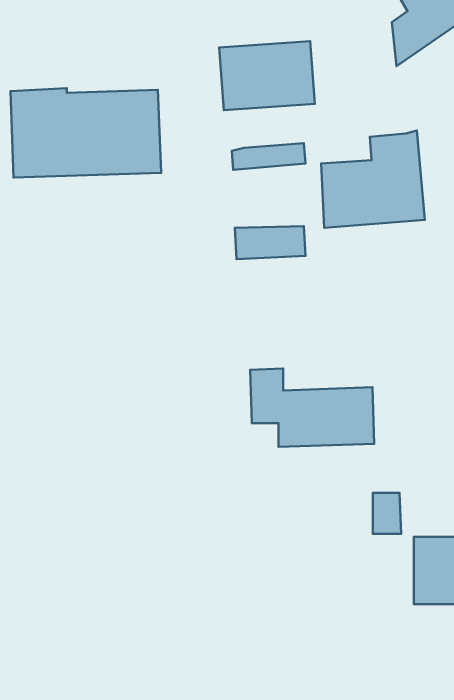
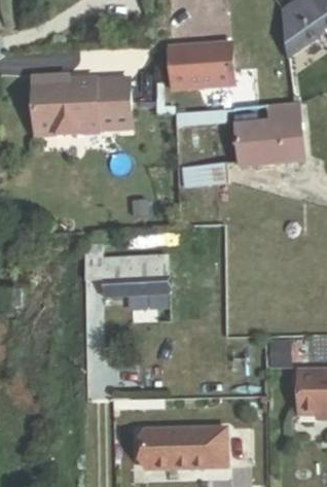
building: [250,368,374,447] -> [85,244,167,295]
building: none -> [142,426,224,467]

